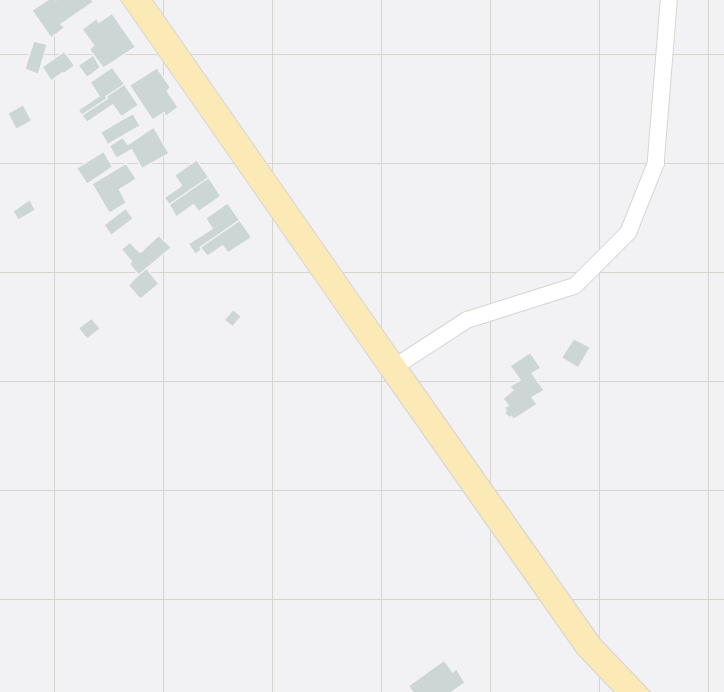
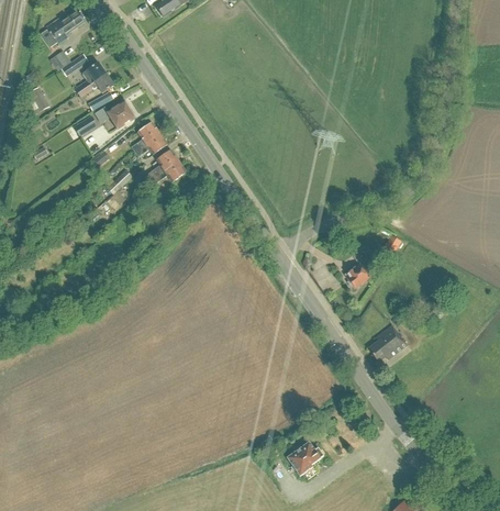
building: [82,13,135,68] -> none
building: [130,68,178,120] -> none
building: none -> [368,324,407,362]

